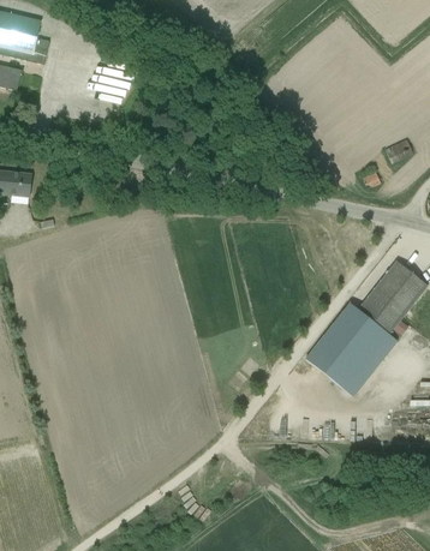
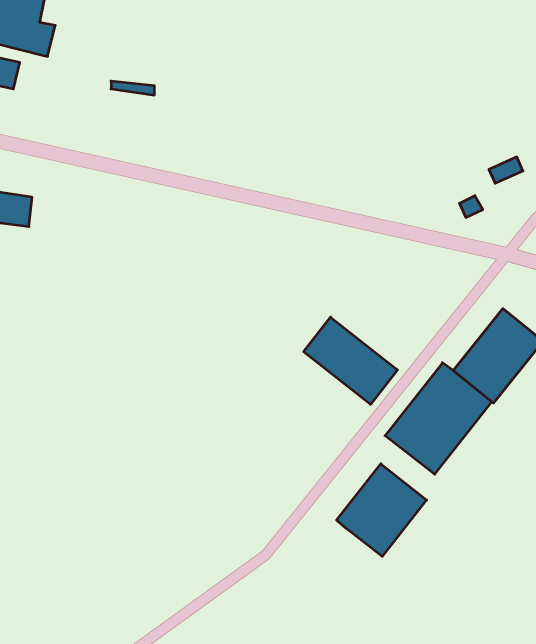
building: none -> [304,317,397,404]
building: none -> [337,464,427,556]

